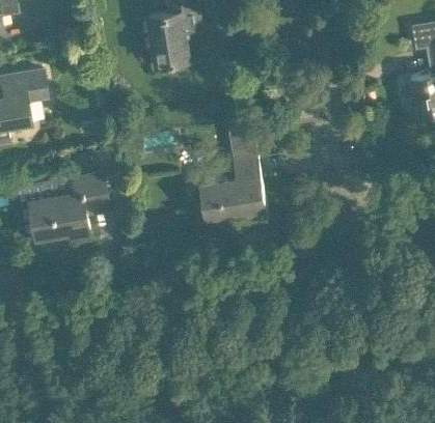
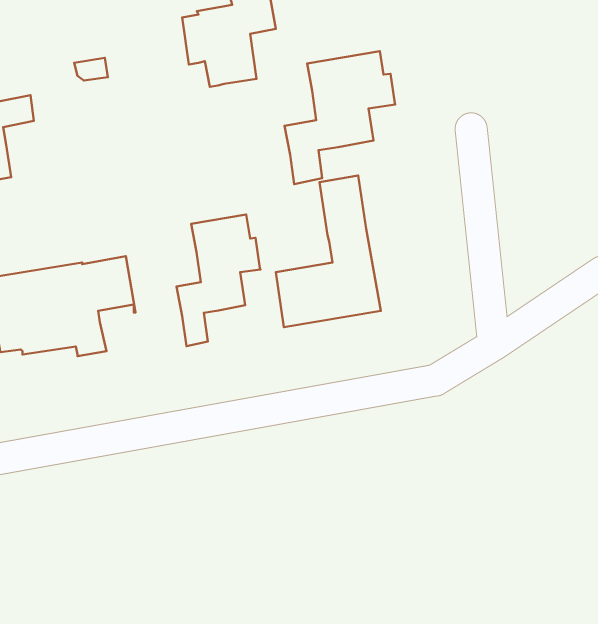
building: none -> [284,51,395,184]
building: none -> [177,214,260,346]

